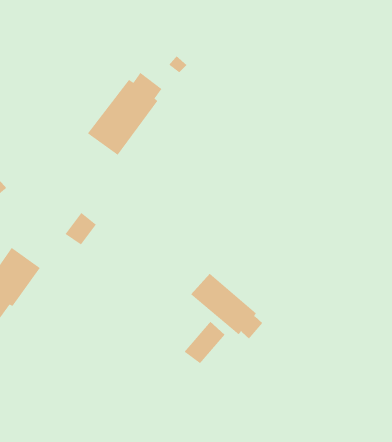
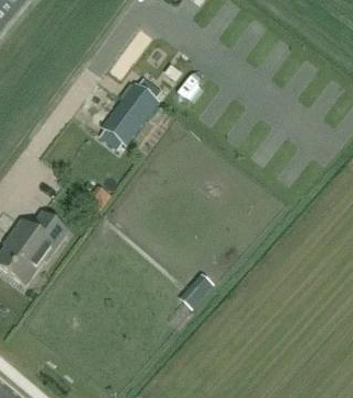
building: [190,273,263,340] -> none

